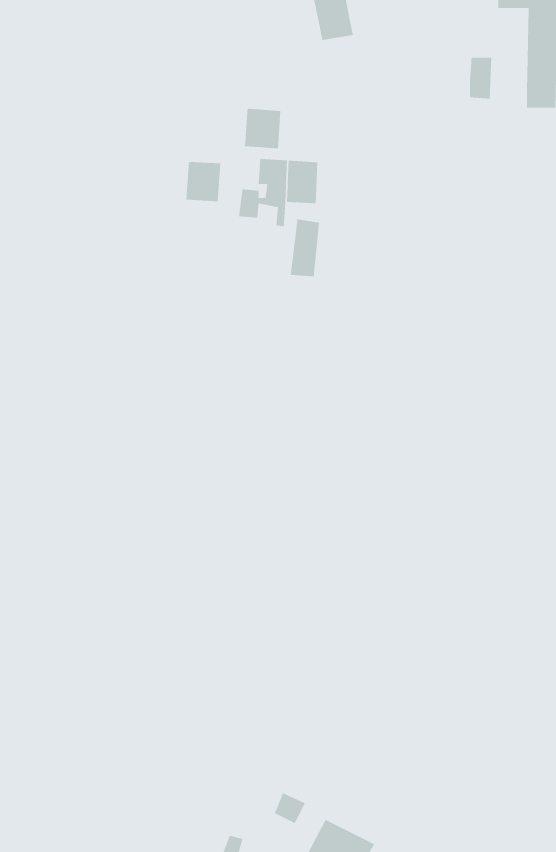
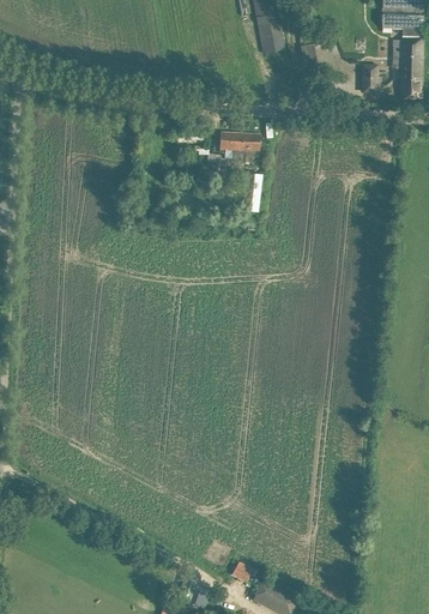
building: [244,108,281,149] -> none
building: [185,161,221,202] -> none

